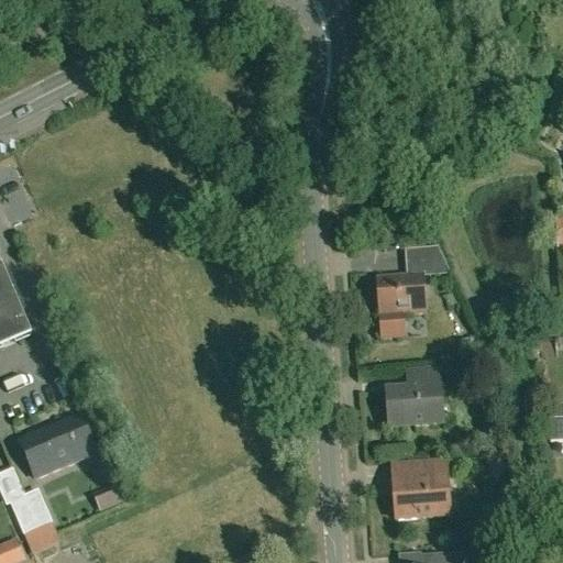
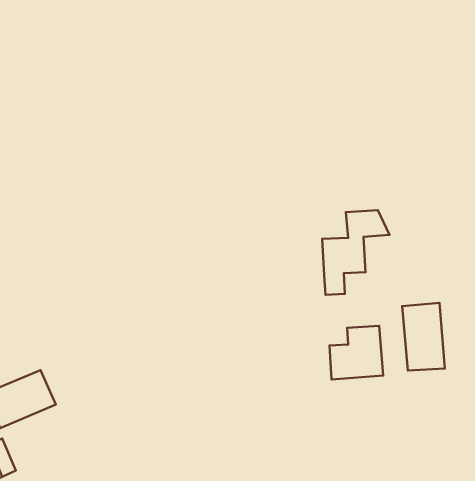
building: none -> [402,303,445,370]
building: [393,460,450,517] -> none

